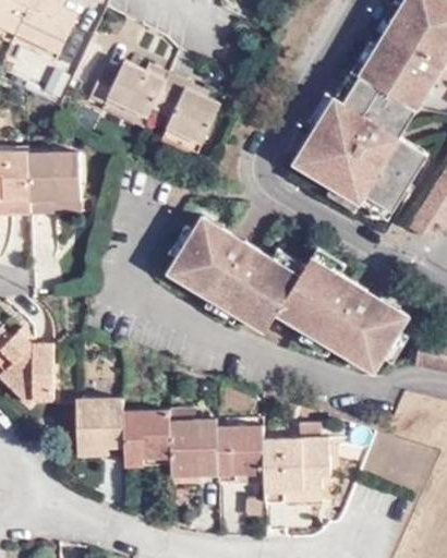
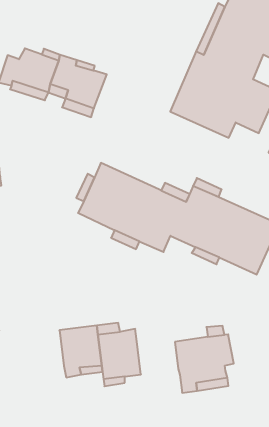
building: [80,397,126,452] -> none
building: [218,425,264,482] -> none

